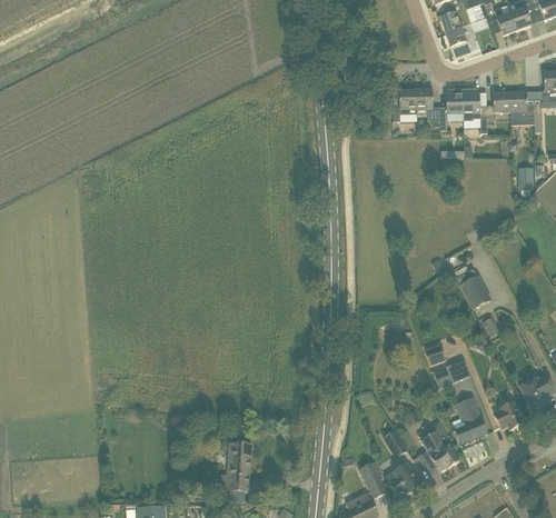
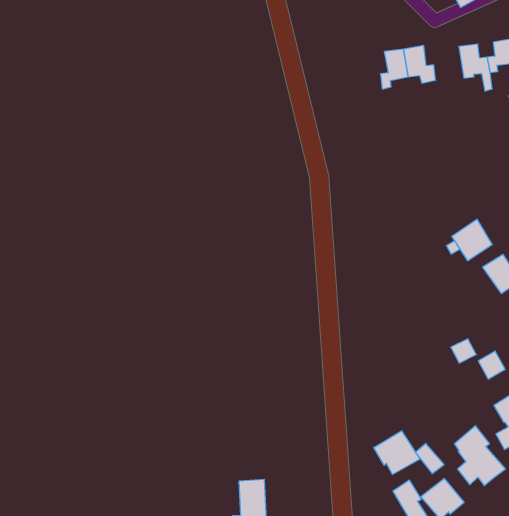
building: [439,92,464,130] -> none
building: none -> [452,219,492,261]
building: none -> [374,431,420,474]

